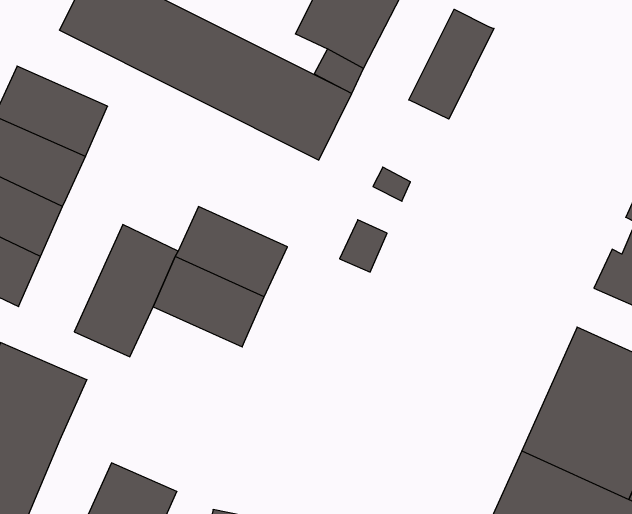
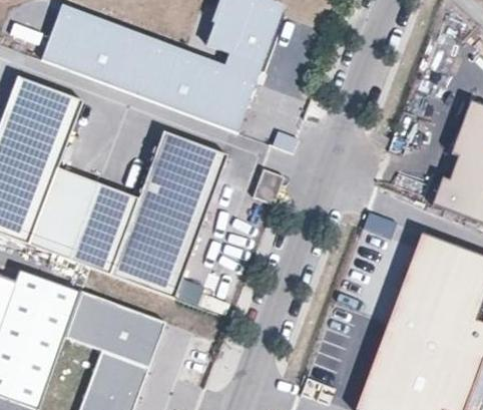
building: [409,9,494,119] -> none
building: none -> [150,130,227,189]
building: none -> [29,166,98,259]
building: none -> [109,238,187,298]
building: none -> [64,290,165,366]

